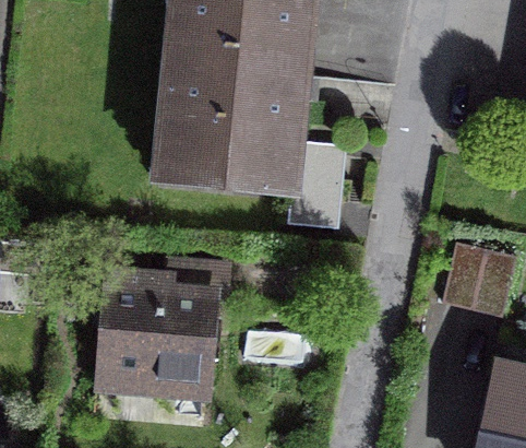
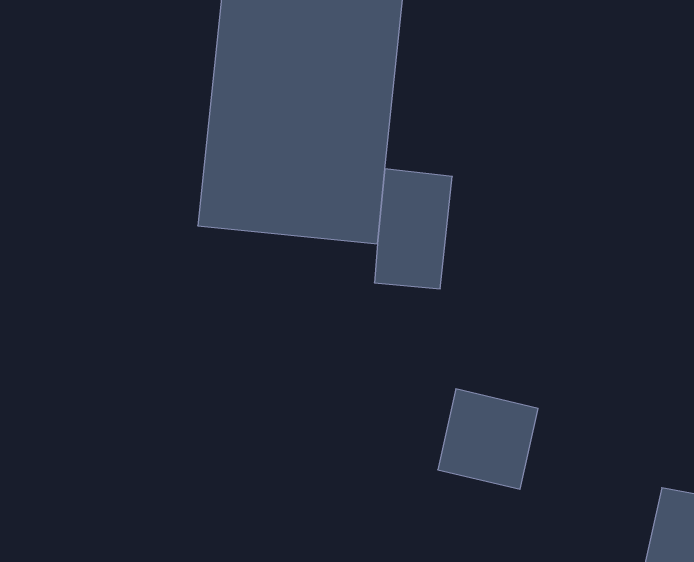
building: [442,243,515,316] -> [438,389,538,489]
building: [103,263,228,384] -> none

